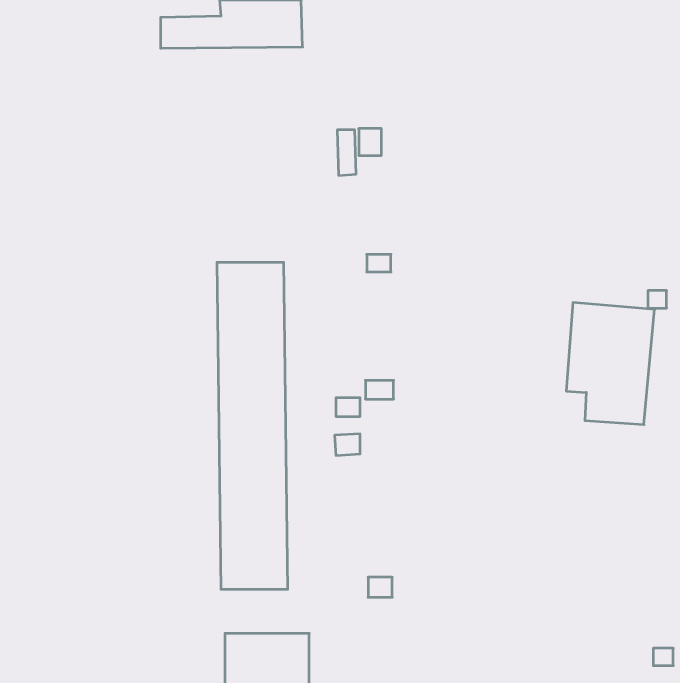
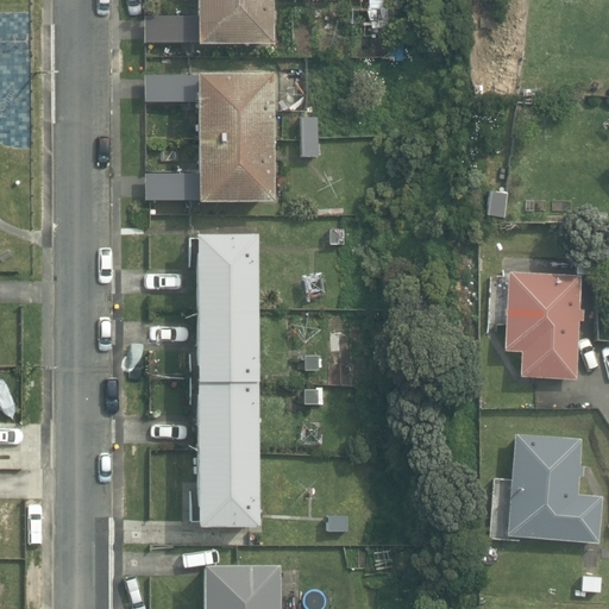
building: none -> [146,73,272,201]
building: none -> [508,434,601,539]

